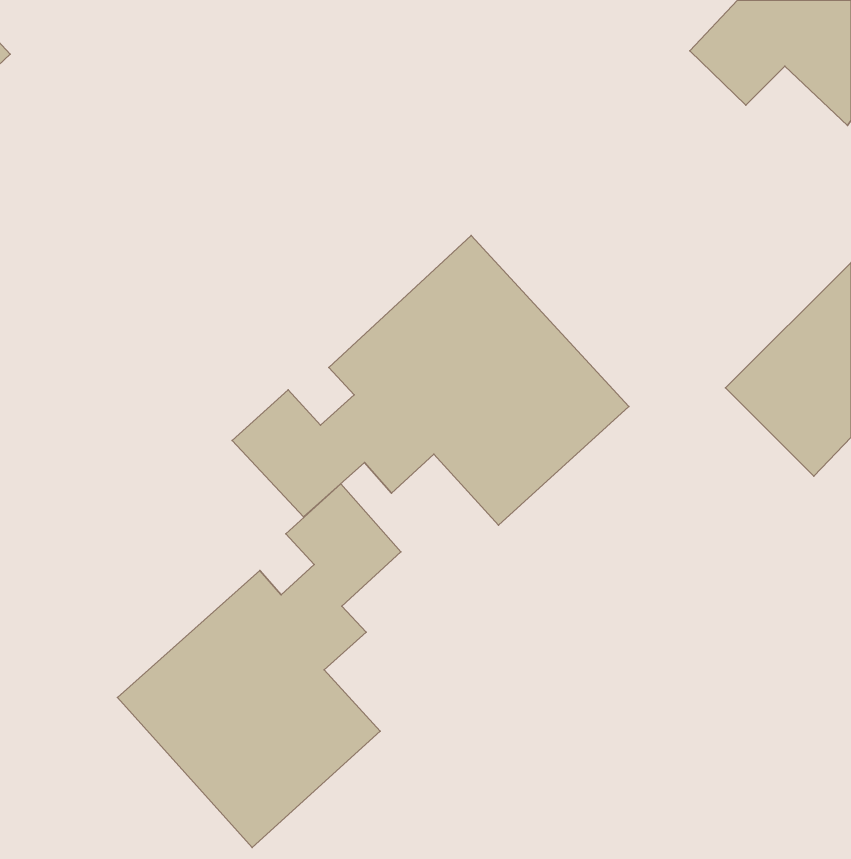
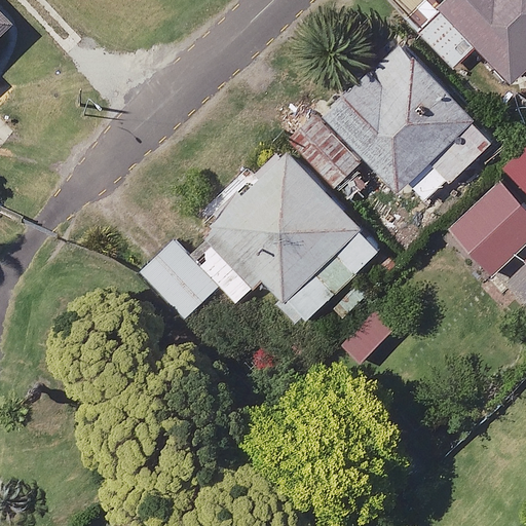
building: none -> [328,45,491,210]
building: [118,484,401,848] -> none

